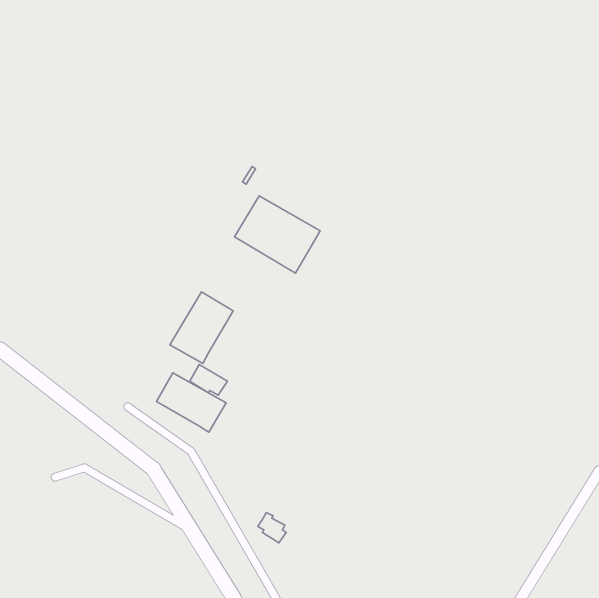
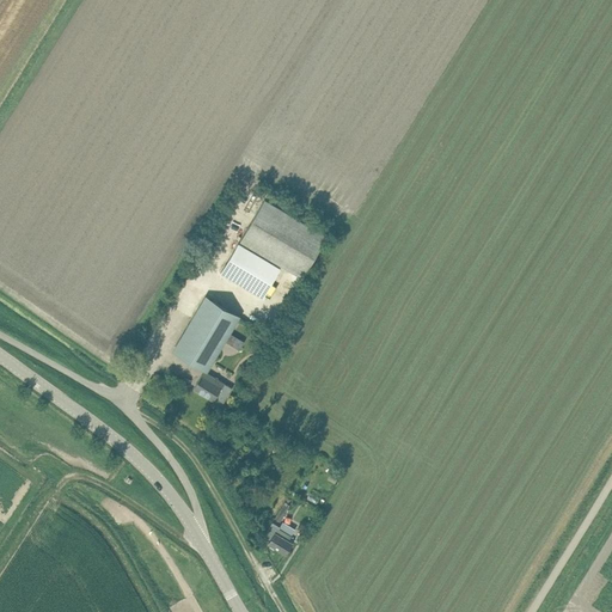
building: none -> [220,244,280,299]
building: [157,373,226,432] -> none

